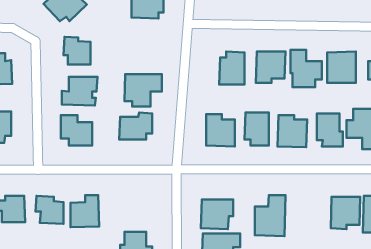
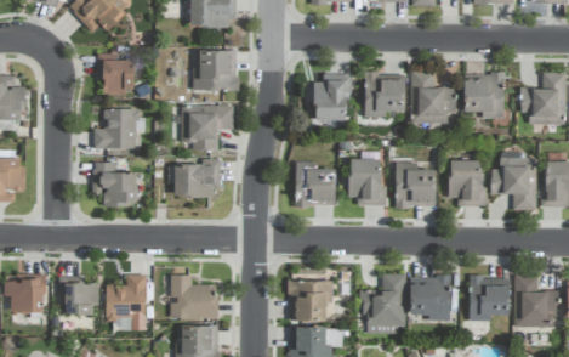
building: none -> [194,50,240,91]
building: none -> [171,274,218,321]
building: none -> [410,277,451,321]

